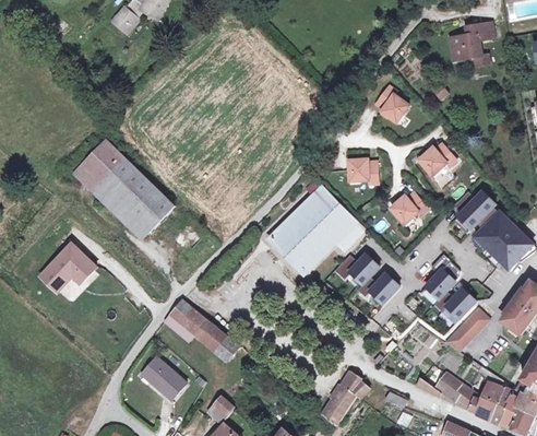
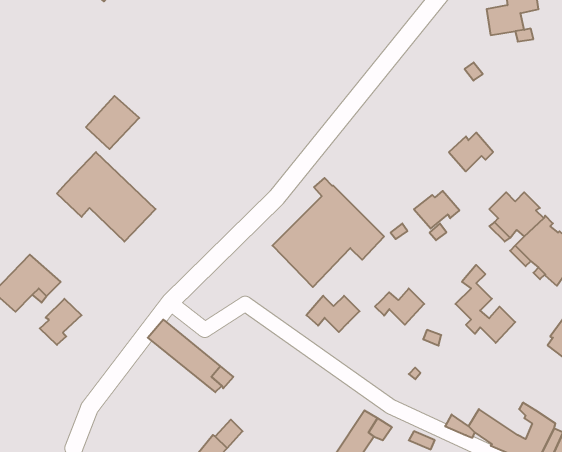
building: [377,84,409,121] -> none
building: [77,140,122,185] -> [86,96,139,149]
building: [348,157,378,182] -> none
building: [334,254,379,284] -> [306,296,360,332]
building: none -> [40,299,82,345]
building: [445,307,488,352] -> none
building: [141,356,184,399] -> none

